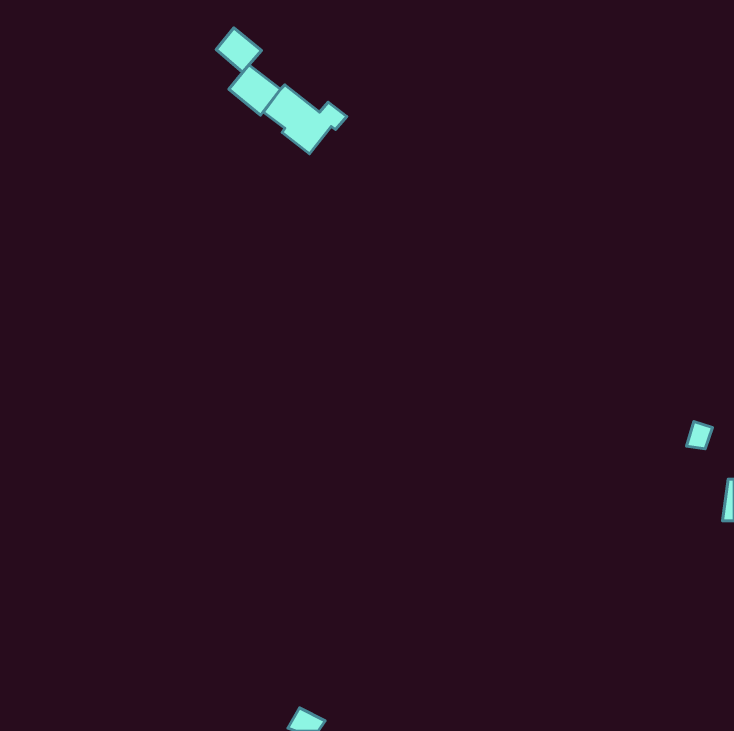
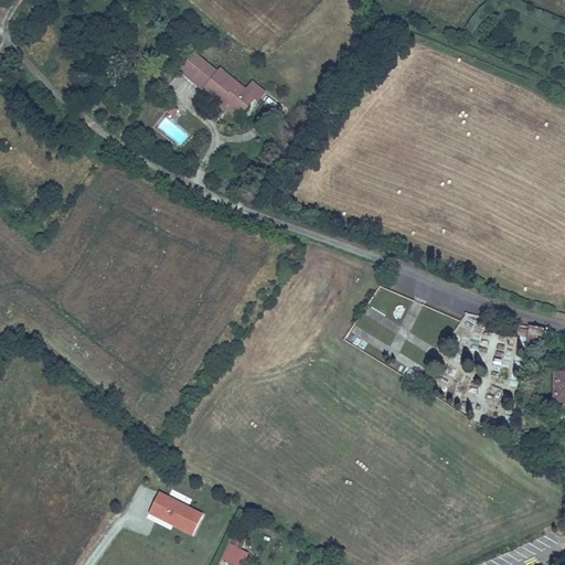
building: [216,28,261,72] -> none
building: none -> [149,491,202,532]

